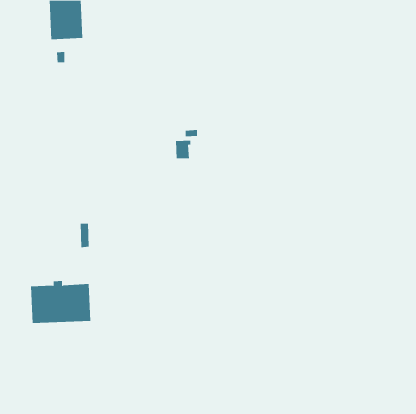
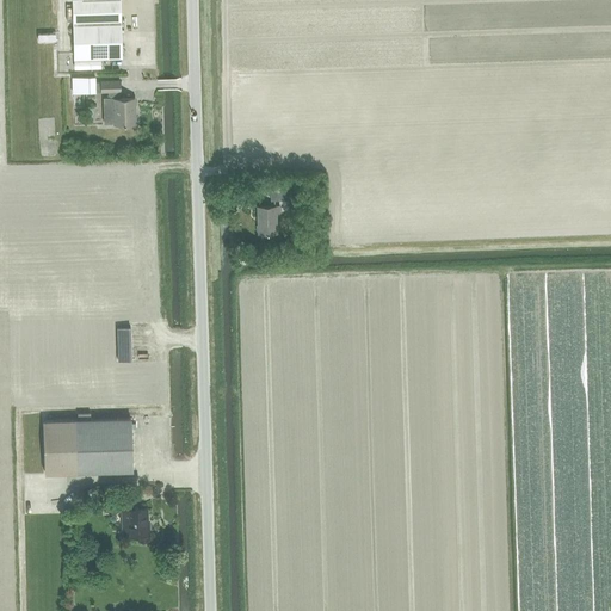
building: none -> [100,82,137,128]
building: none -> [118,500,150,543]

